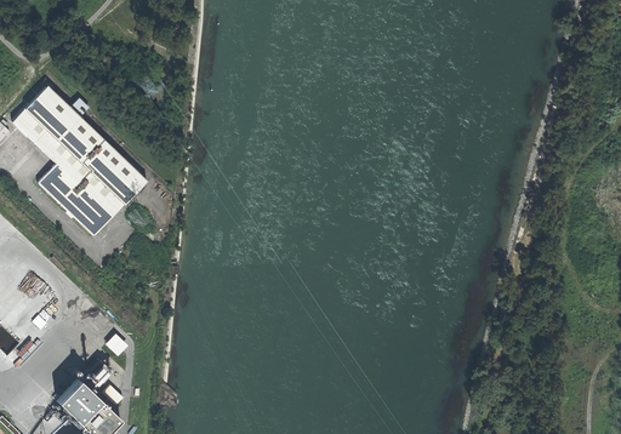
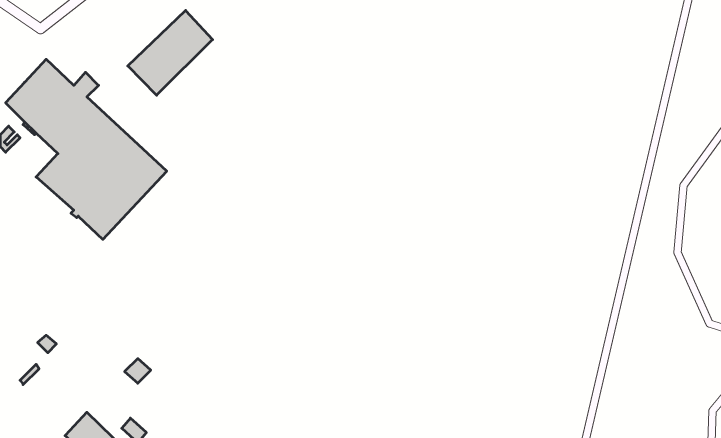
building: none -> [128,10,213,95]

